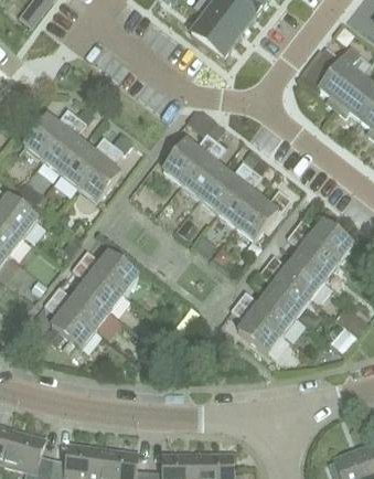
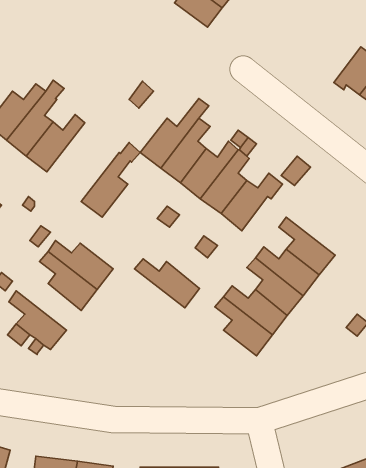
building: [303,47,361,107] -> none
building: [78,135,131,202] -> [81,143,140,217]
building: [293,219,356,263] -> none
building: [51,286,109,330] -> [135,259,200,308]

